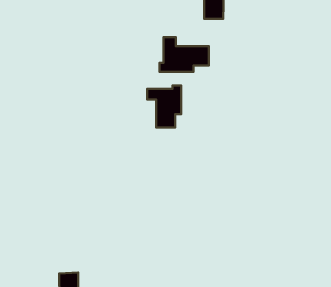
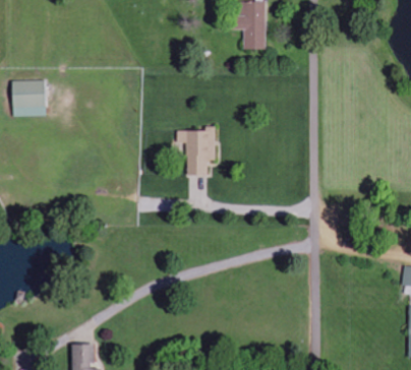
building: [160,37,209,72] -> none
building: none -> [12,80,47,116]

